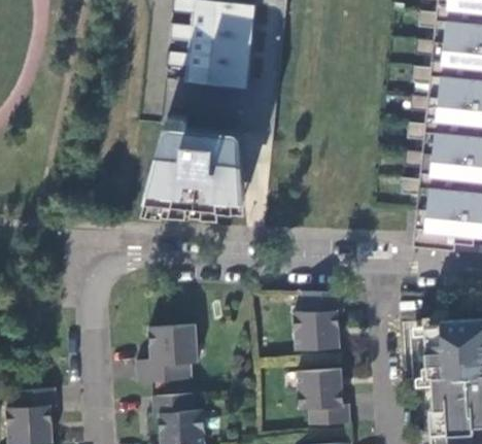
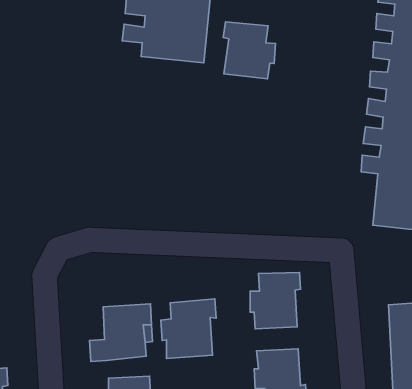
building: none -> [223,22,276,79]
building: [144,114,245,209] -> none
building: none -> [161,299,216,358]

